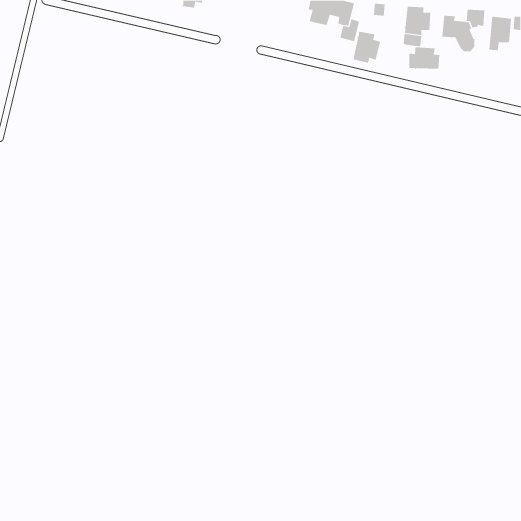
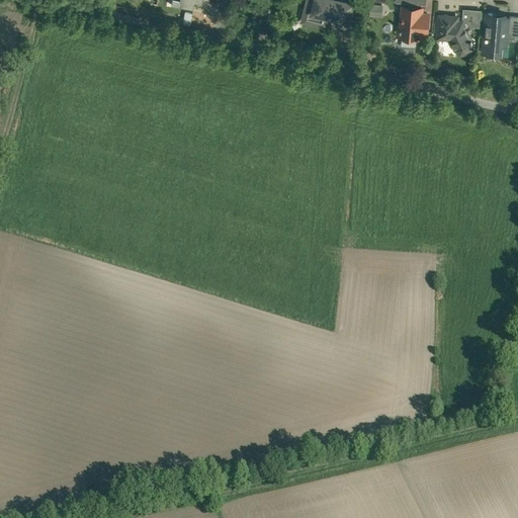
building: [353,31,381,64] -> none
building: [409,47,440,70] -> none

